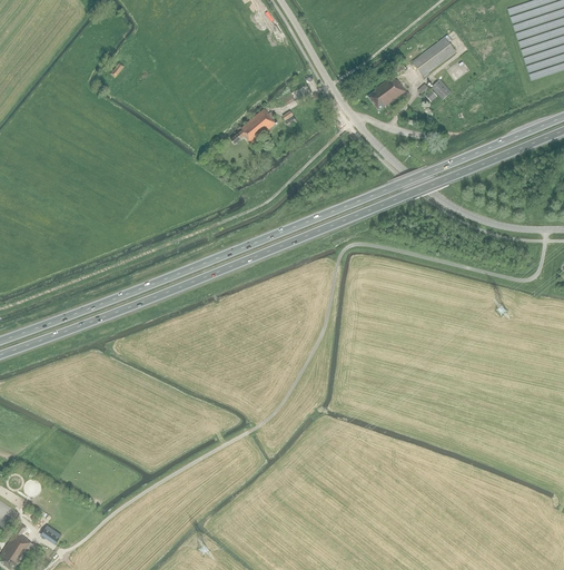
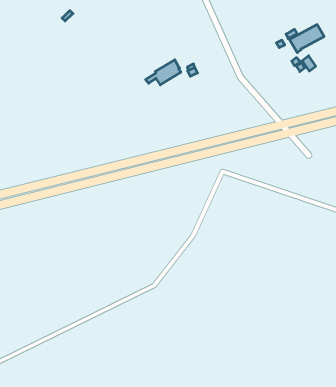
building: [367,75,406,109] -> none

